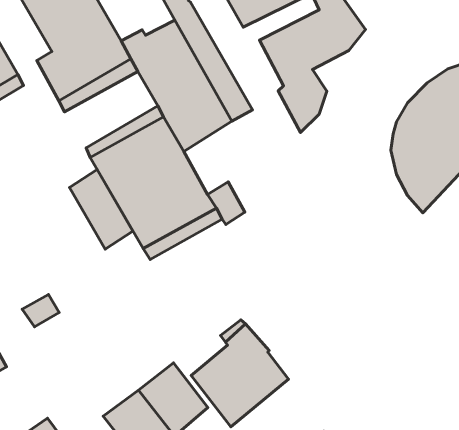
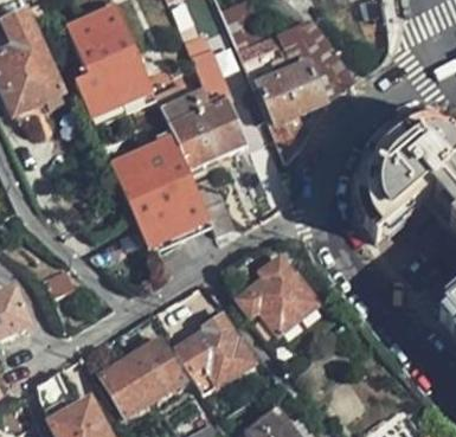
building: [70,169,133,249] -> none
building: none -> [237,258,316,333]

